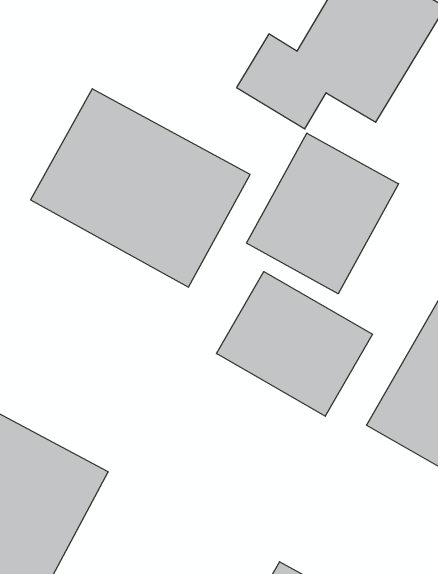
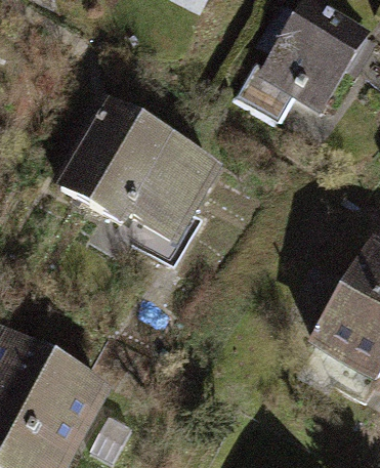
building: [246,133,399,294] -> none
building: [216,272,373,416] -> none

